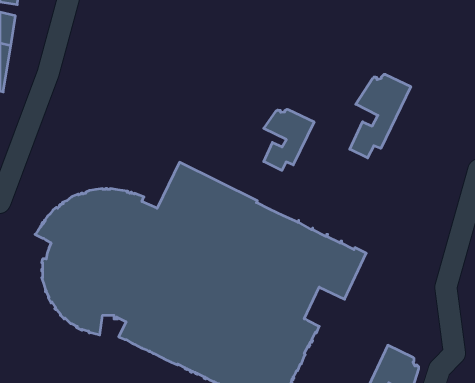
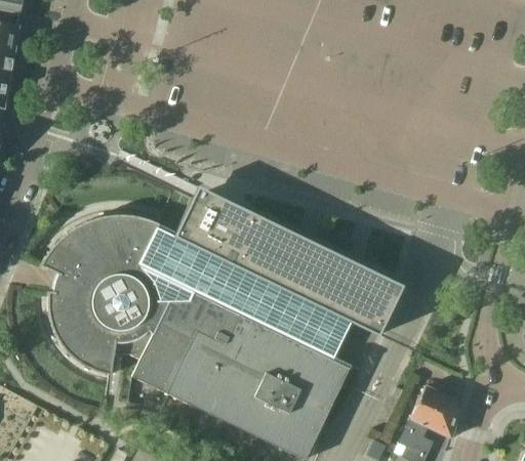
building: [350,74,411,158] -> none
building: [264,109,314,170] -> none

